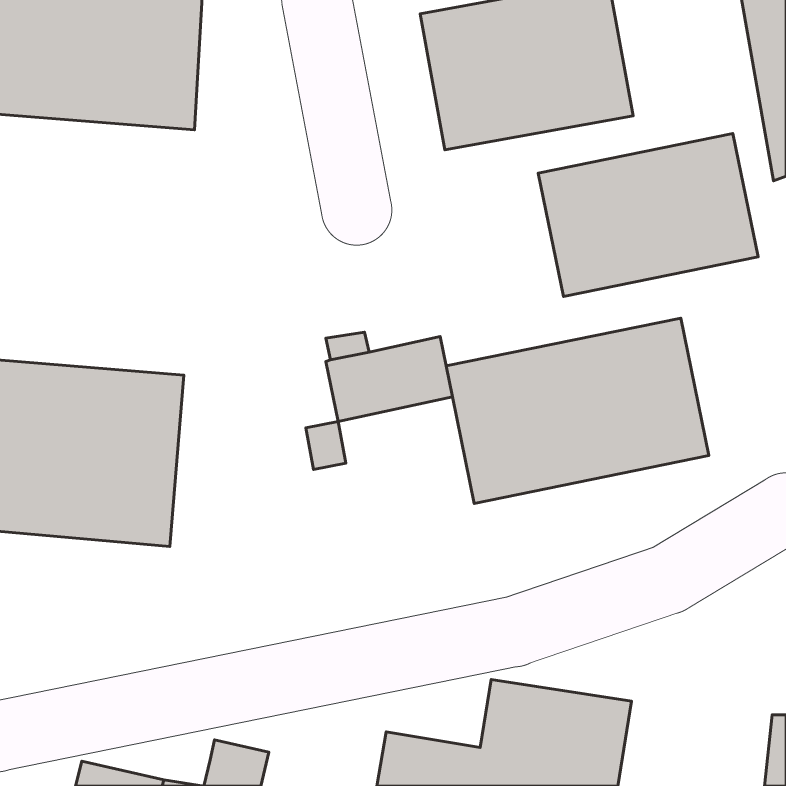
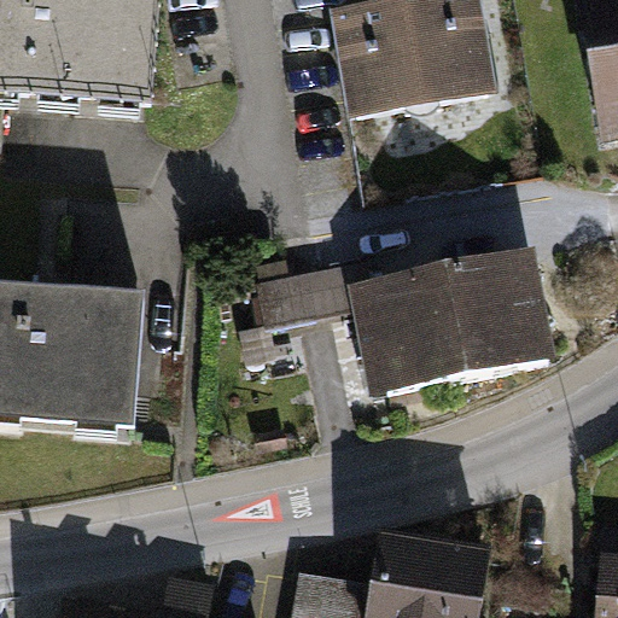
building: [538,134,758,297] -> none

